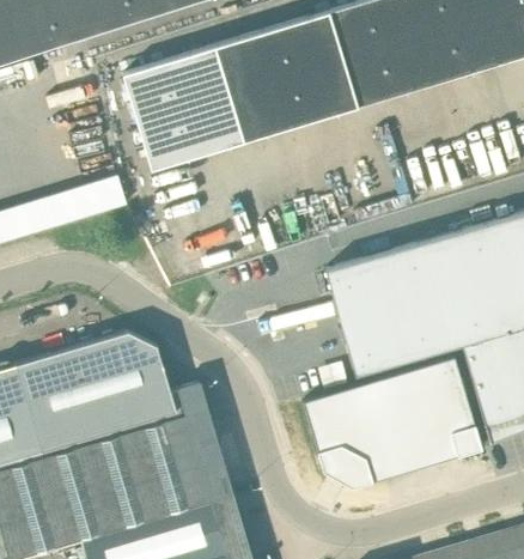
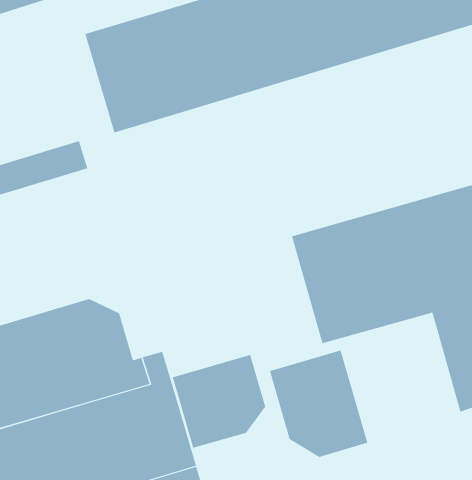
building: [374,357,482,472] -> none
building: none -> [172,354,266,449]

